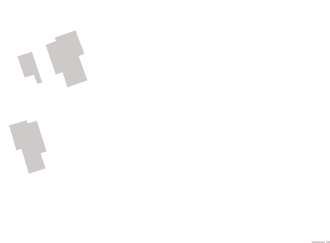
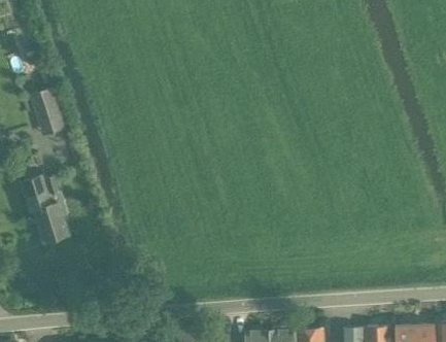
building: [45,30,88,88] -> none

